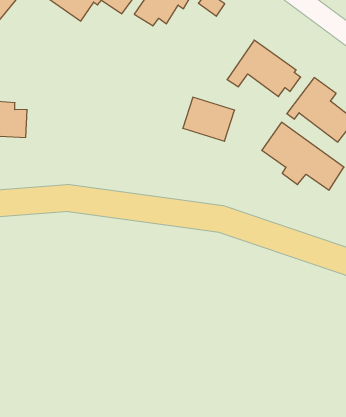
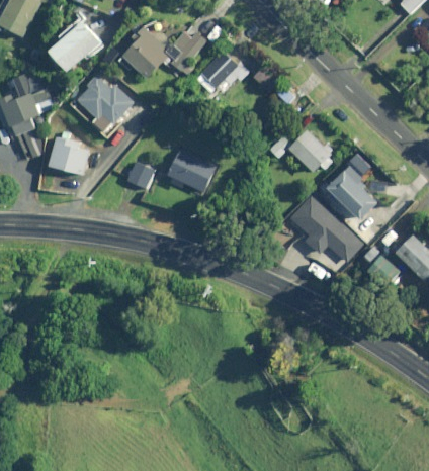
building: none -> [77,75,133,136]
building: [183,97,235,141] -> [166,149,214,192]
building: none -> [126,162,152,188]

